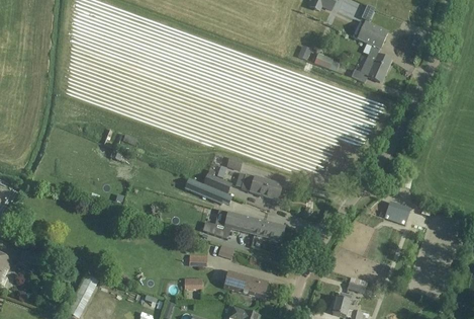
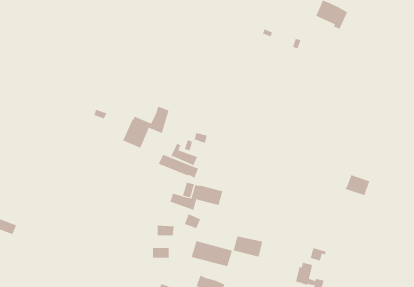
building: [360,48,390,82] -> none
building: none -> [123,106,169,149]
building: [240,173,281,200] -> none
building: [253,219,284,241] -> [233,236,263,257]

